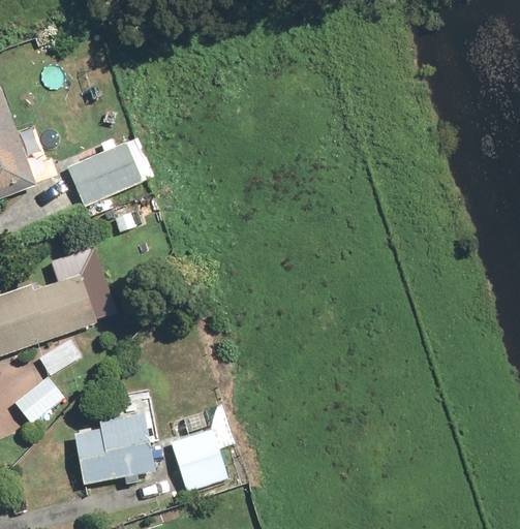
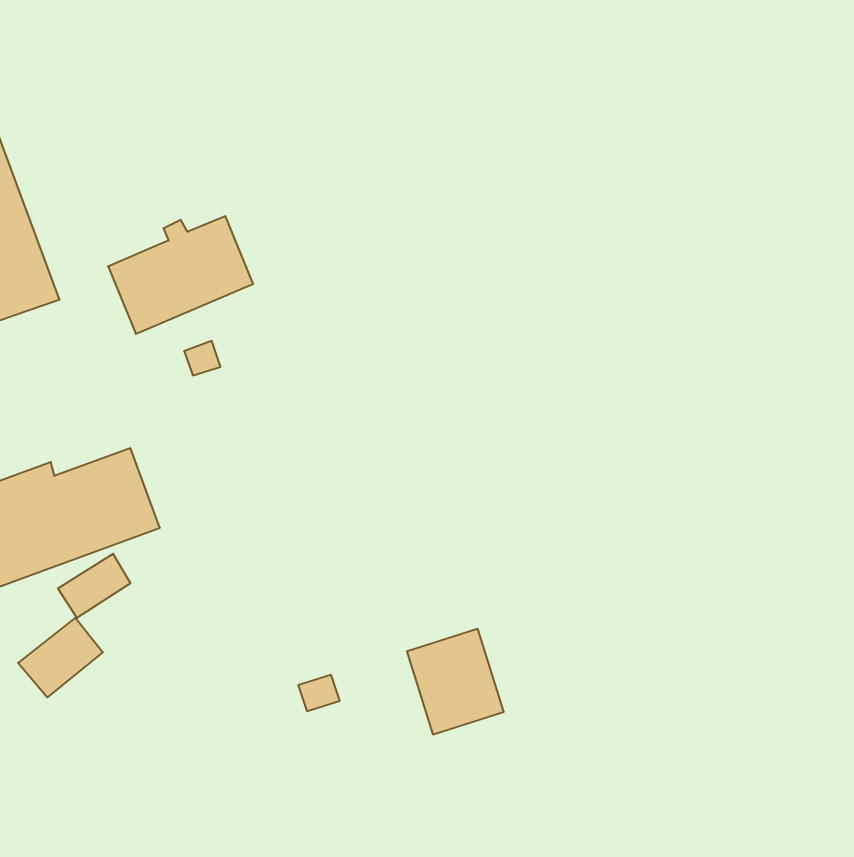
building: [74,391,157,485] -> none
building: [170,428,227,491] -> [407,629,504,734]

